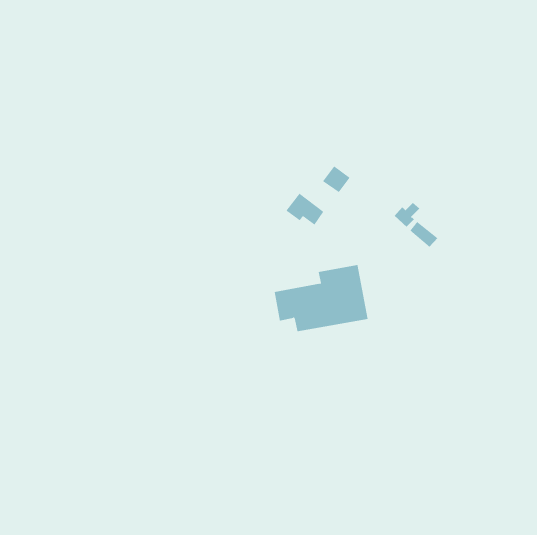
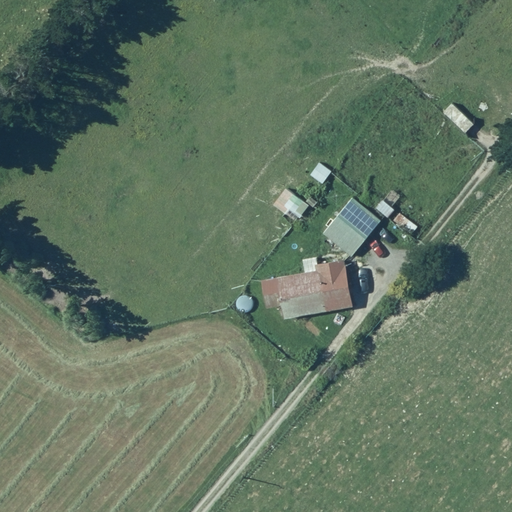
building: none -> [324,198,381,256]

